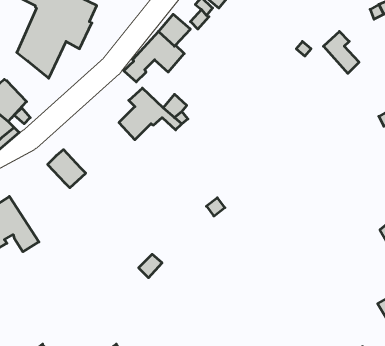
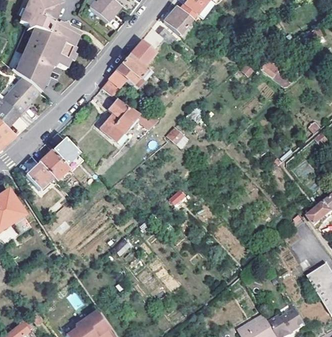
building: none -> [6,78,39,111]
building: none -> [52,138,79,165]
building: none -> [25,162,53,189]

